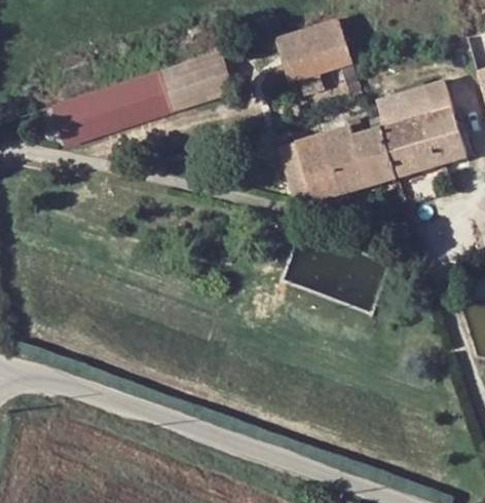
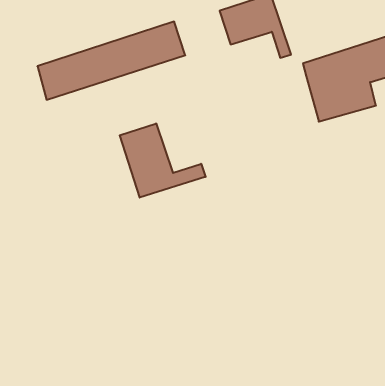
building: [281,119,398,204] -> none
building: none -> [120,123,206,198]

